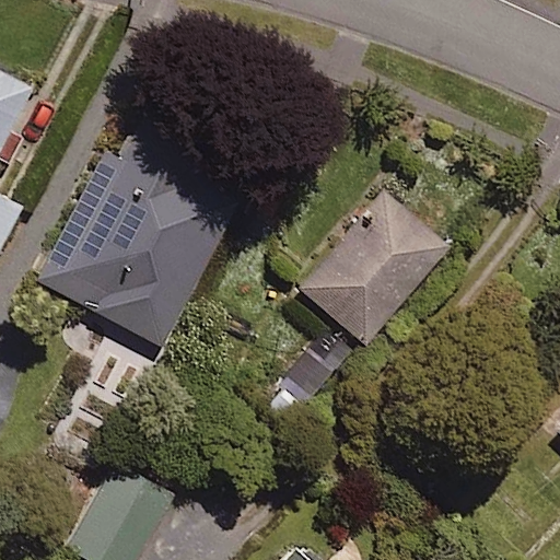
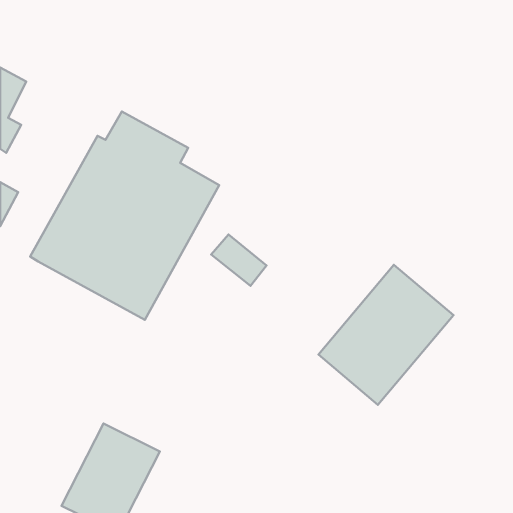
building: [300,194,446,346] -> [319,265,453,405]

